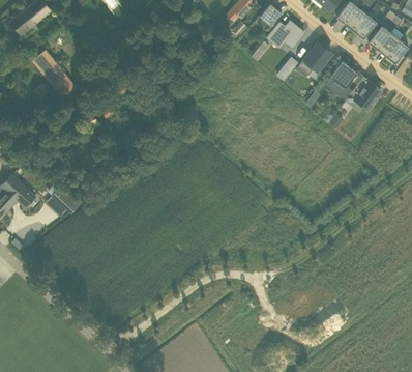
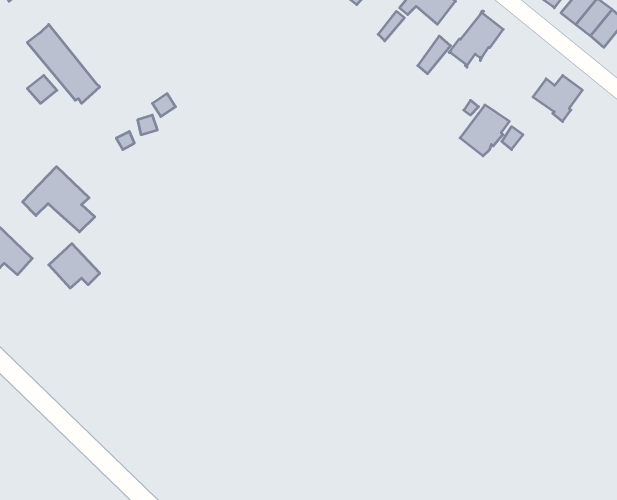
building: [326,61,357,93] -> [460,105,509,156]
building: none -> [23,167,95,232]

